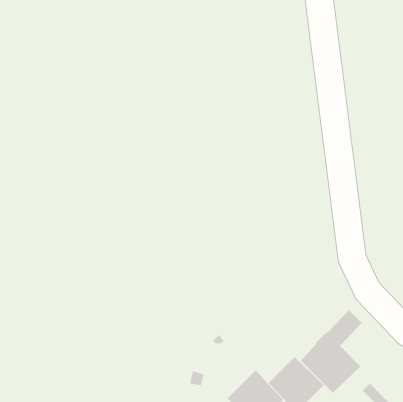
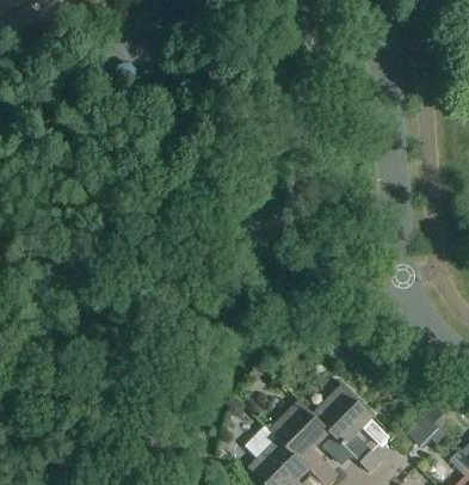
building: [300,309,363,394] -> none

